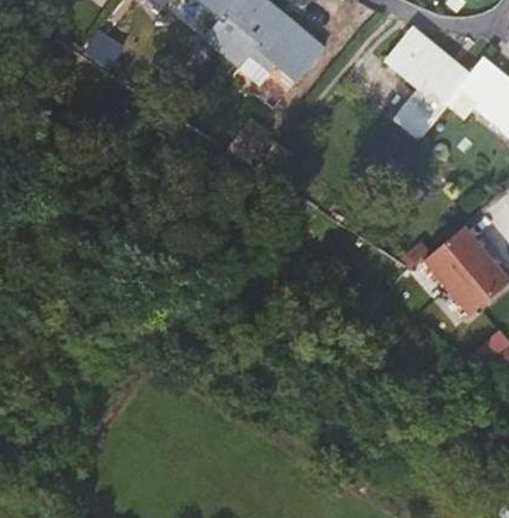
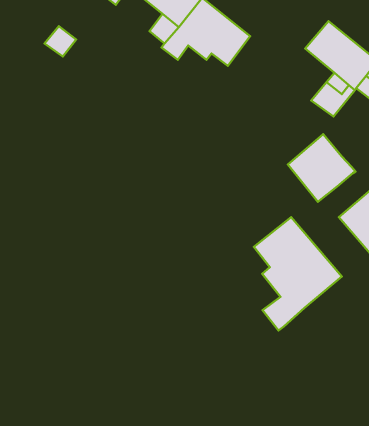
building: none -> [288,134,355,202]
building: none -> [254,217,342,331]

